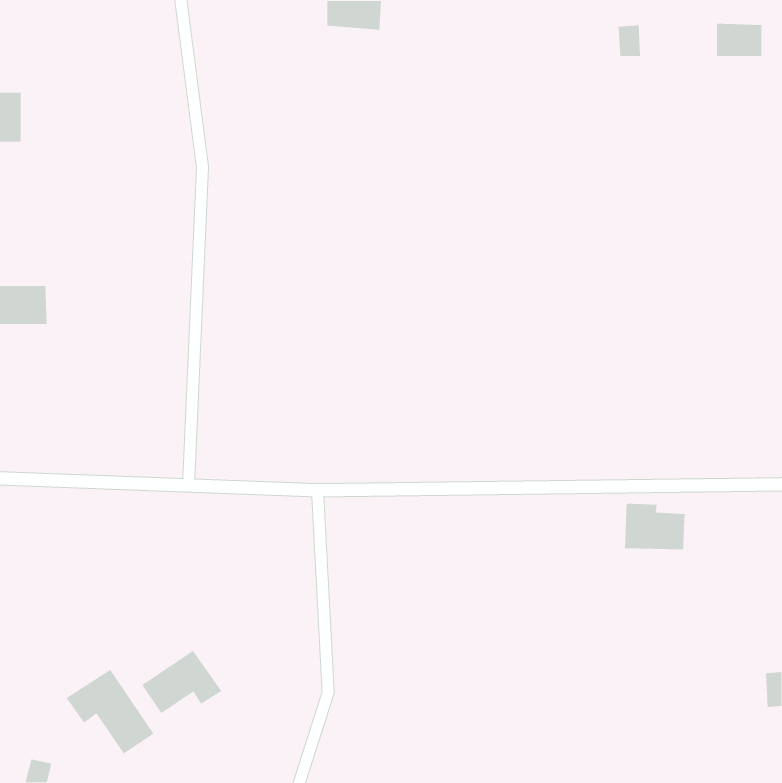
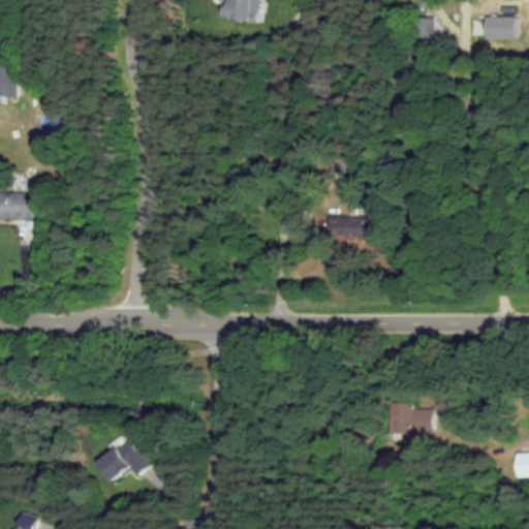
building: none -> [326,215,373,239]
building: [624,503,685,550] -> [391,402,432,434]
building: [66,669,154,754] -> none

